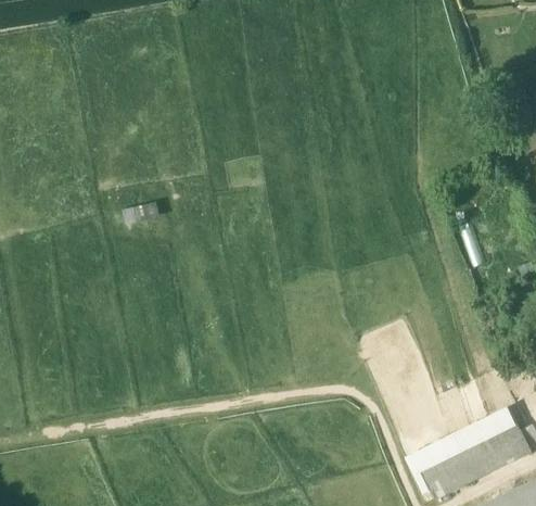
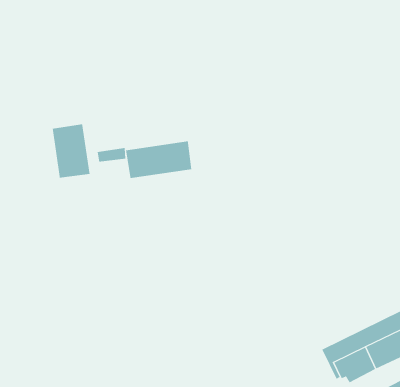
building: none -> [52,123,90,179]
building: none -> [126,140,192,179]

